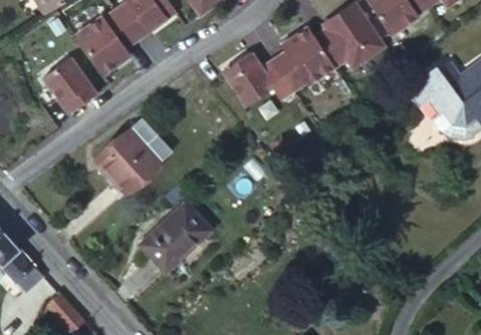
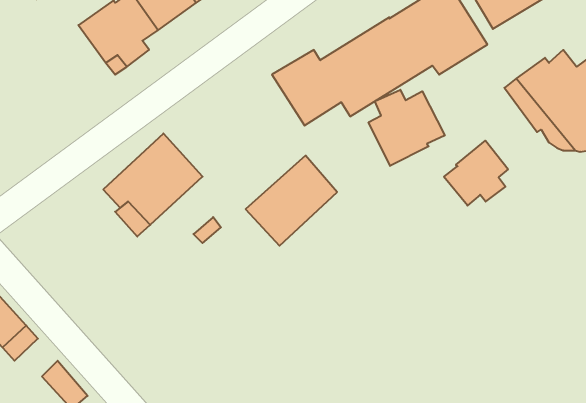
building: [42,57,95,112] -> none
building: none -> [369,90,445,166]
building: none -> [444,141,508,206]
building: [139,202,209,271] -> [246,156,337,246]

